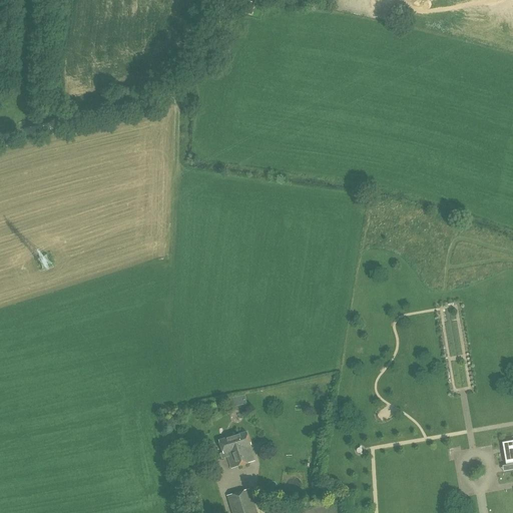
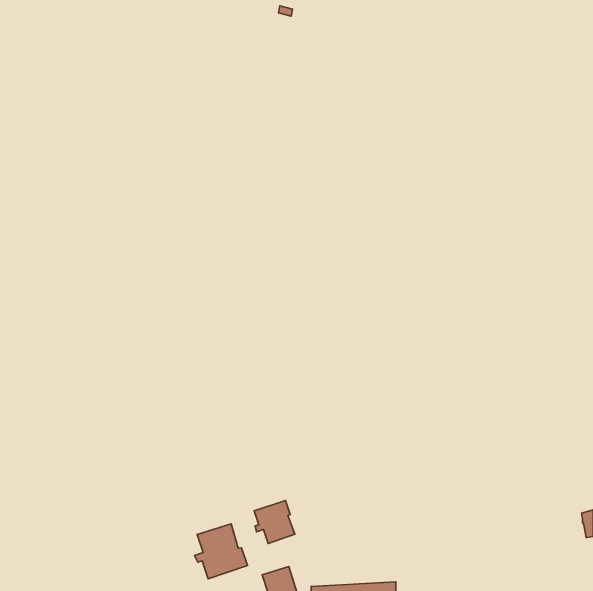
building: none -> [194,524,247,579]

